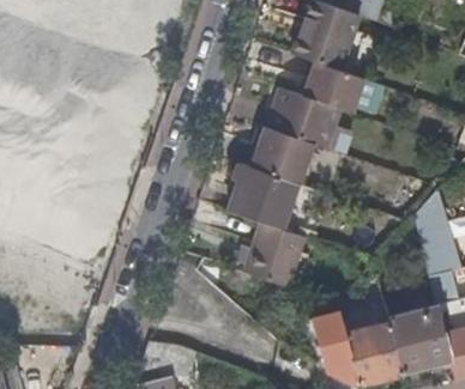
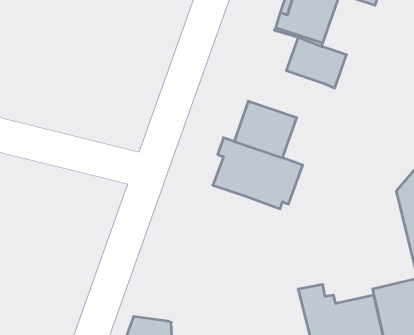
building: [267,86,342,147] -> none
building: [243,221,304,286] -> none

